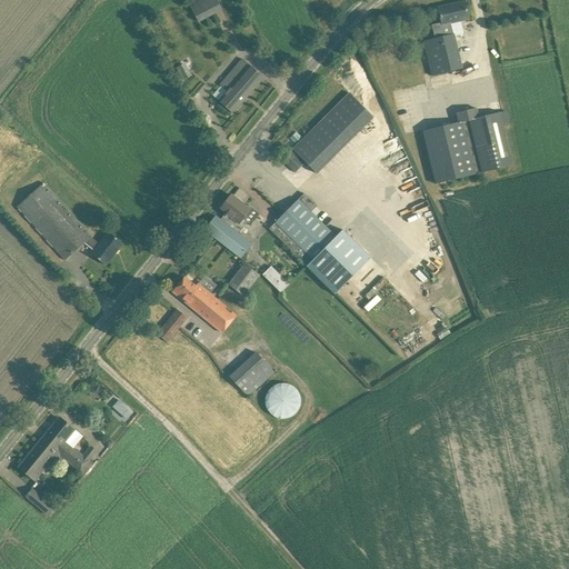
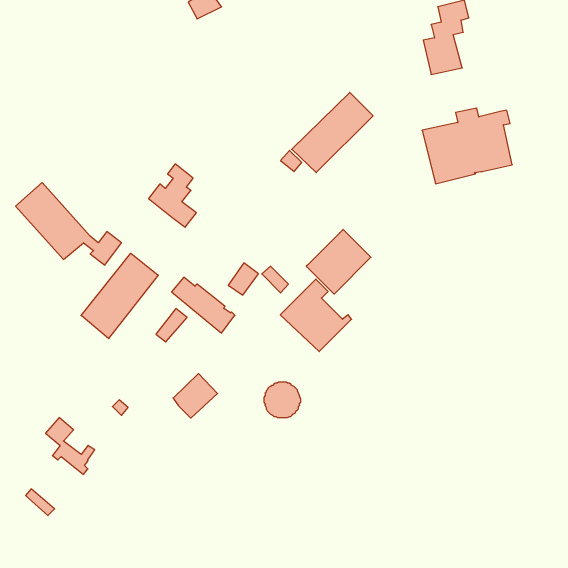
building: [218,58,262,112] -> none
building: [268,192,339,264] -> [280,279,352,352]
building: [203,194,251,258] -> [149,164,196,227]
building: none -> [81,253,158,339]
building: [229,351,273,396] -> [173,374,218,418]
building: [18,432,60,478] -> none

